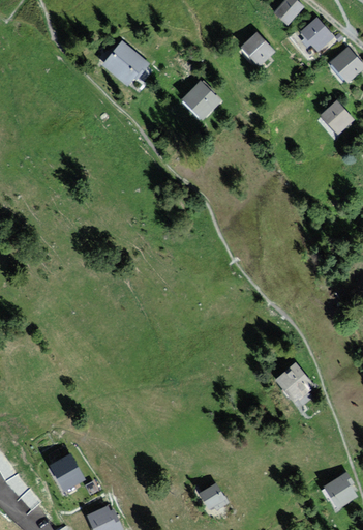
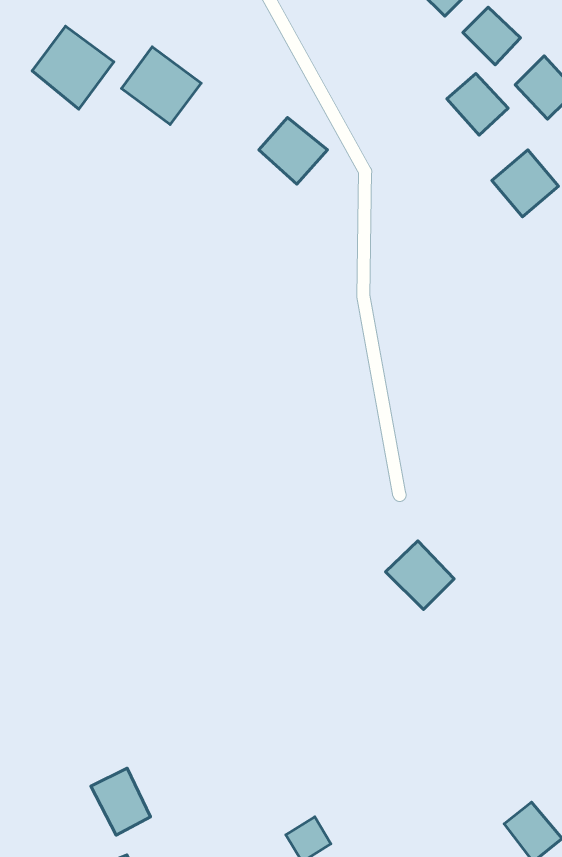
building: none -> [32,26,114,109]
building: [241,33,276,68] -> [447,74,508,135]
building: [275,362,314,402] -> [385,541,454,610]
building: [46,453,80,492] -> [91,768,150,835]

